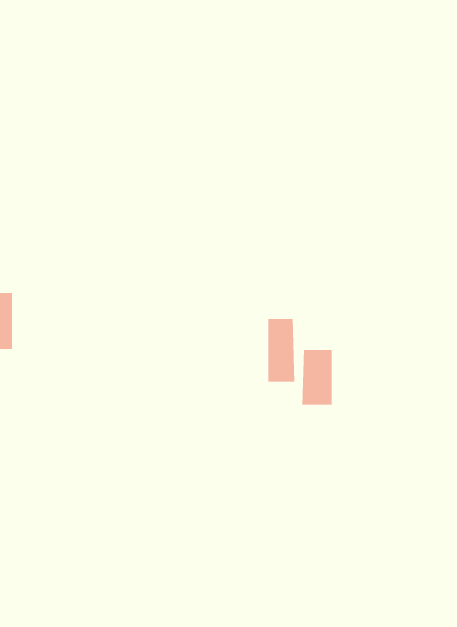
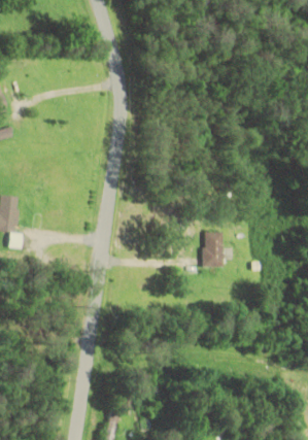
building: [268,318,295,383] -> none

